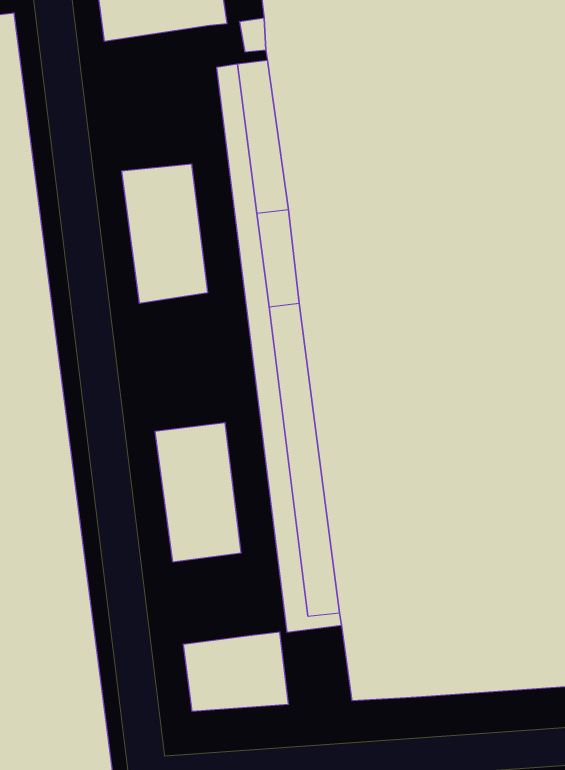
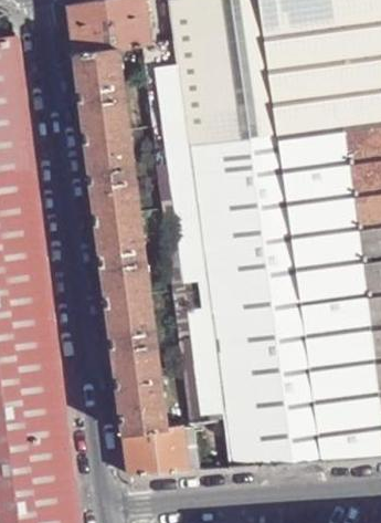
building: none -> [75,48,130,136]
building: none -> [97,212,151,300]
building: none -> [118,376,168,433]

